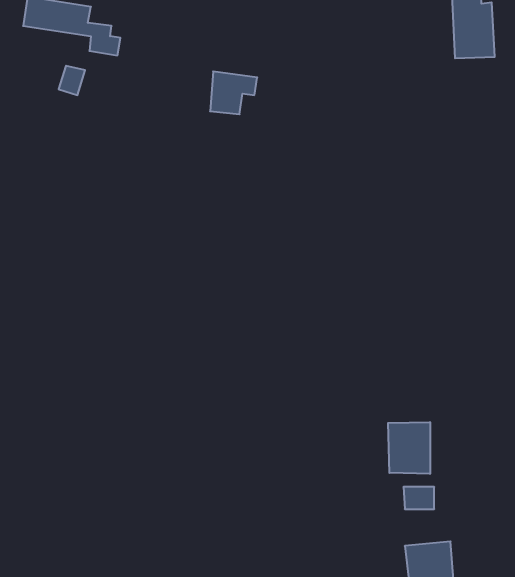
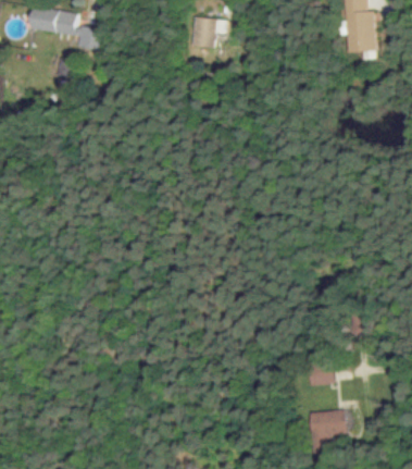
building: [210,71,257,114] -> [191,16,226,48]
building: [388,422,430,474] -> none

